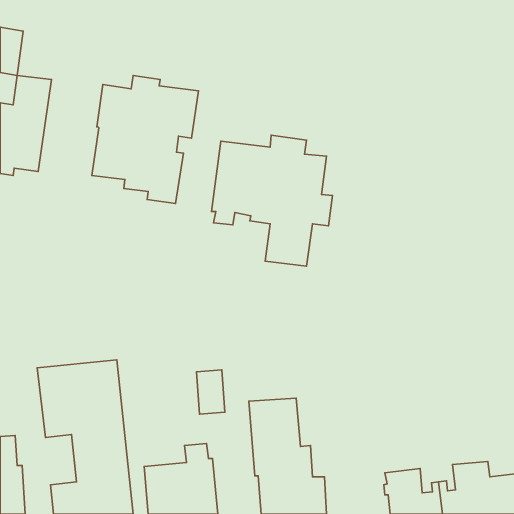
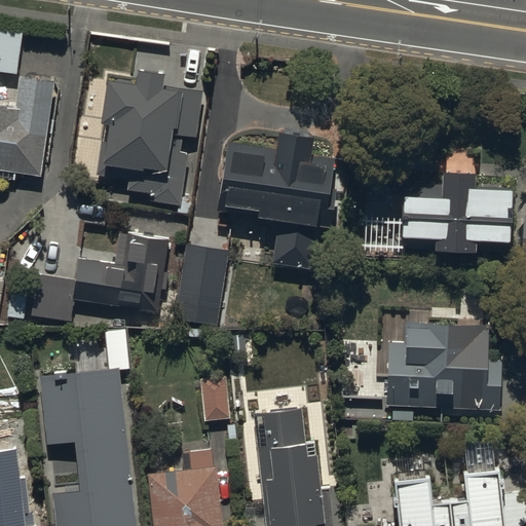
building: none -> [401,174,511,252]
building: none -> [31,231,168,317]
building: none -> [175,242,228,325]
building: none -> [386,325,501,423]

